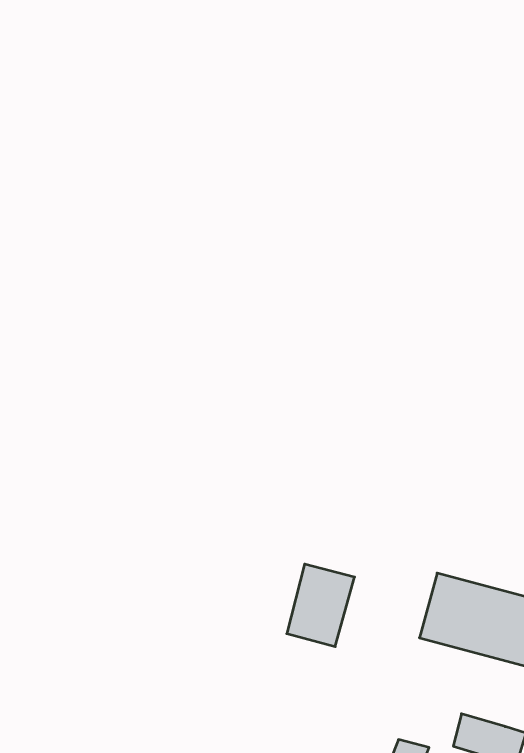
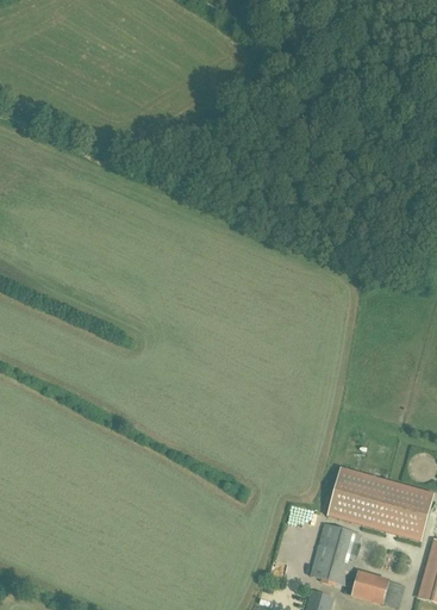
building: [287,564,355,647] -> [310,523,360,584]

